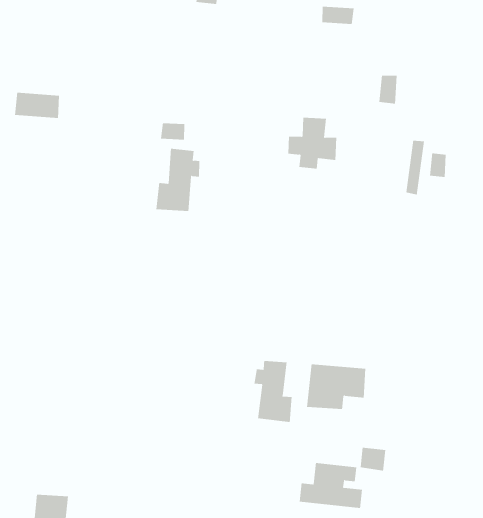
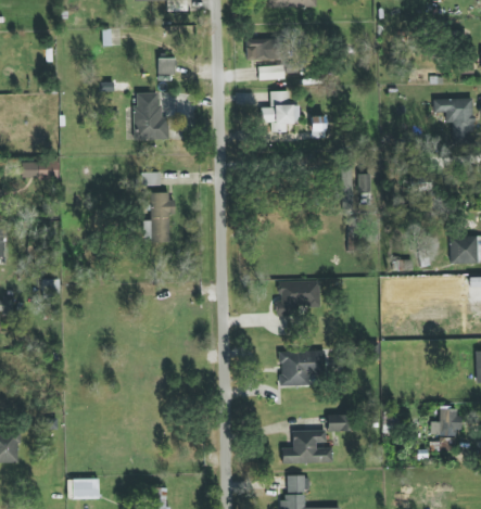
building: none -> [135,92,168,140]
building: [288,117,337,169] -> [261,90,301,131]
building: none -> [277,280,320,315]
building: [254,360,292,423] -> none

